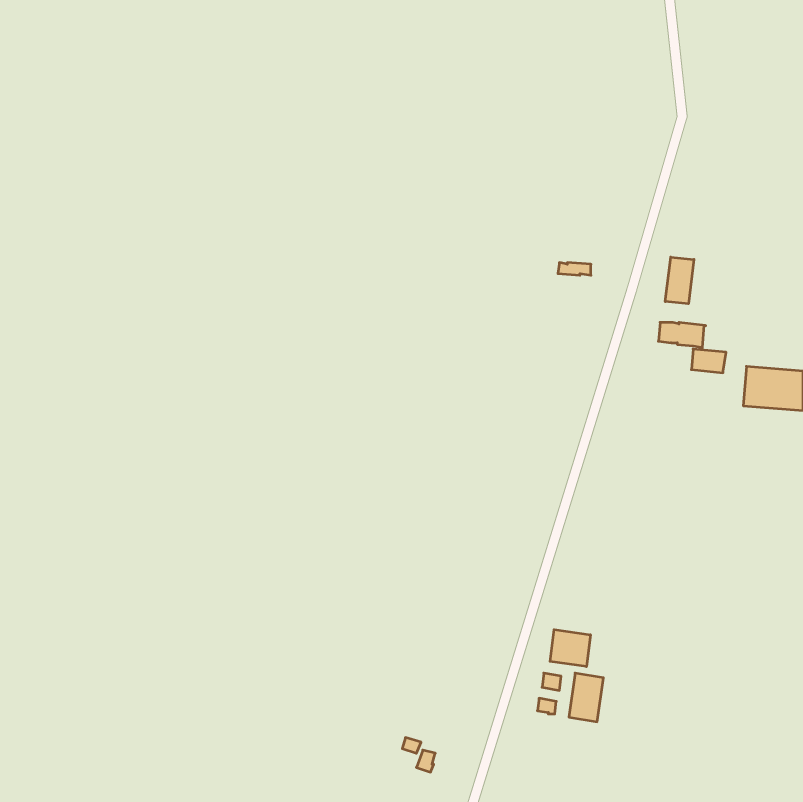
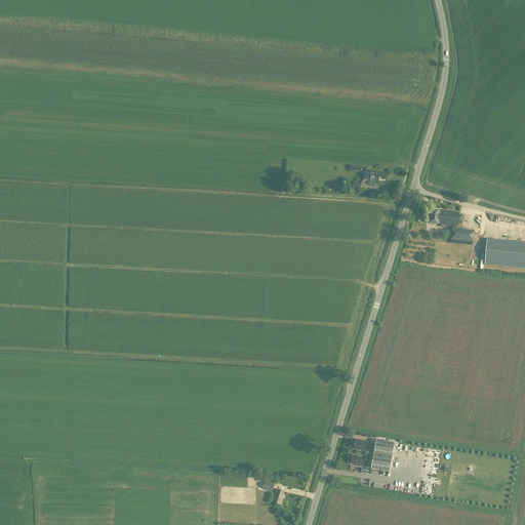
building: [665,257,694,304] -> none
building: [550,630,590,667] -> none

